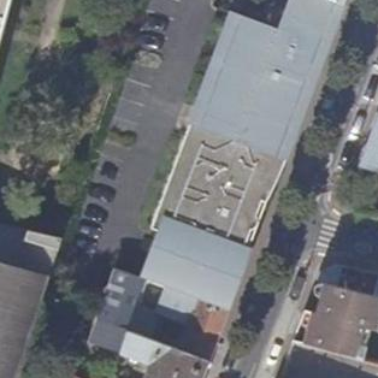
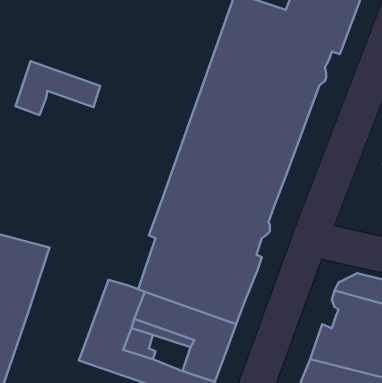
building: none -> [15,61,100,115]

